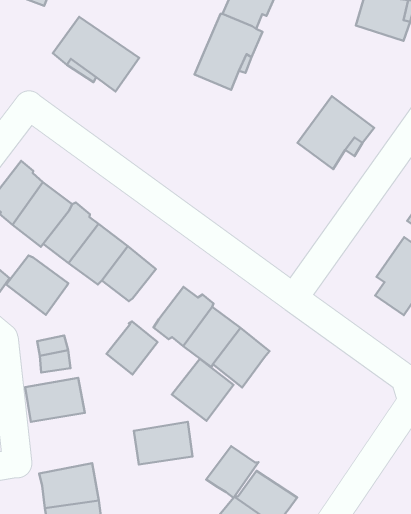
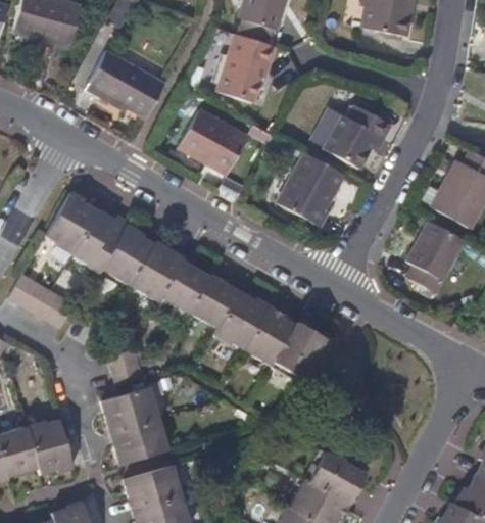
building: none -> [183,108,249,173]
building: none -> [278,150,346,226]
building: [6,255,68,315] -> none
building: [106,322,157,375] -> [188,275,234,324]
building: [172,359,234,421] -> none
building: [134,422,193,464] -> [107,419,164,464]
building: [206,446,258,498] -> none

